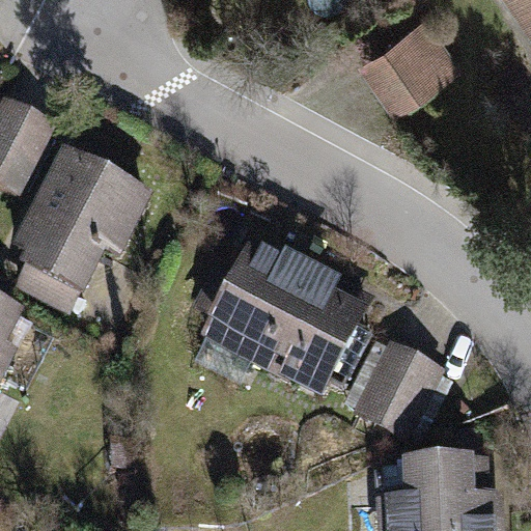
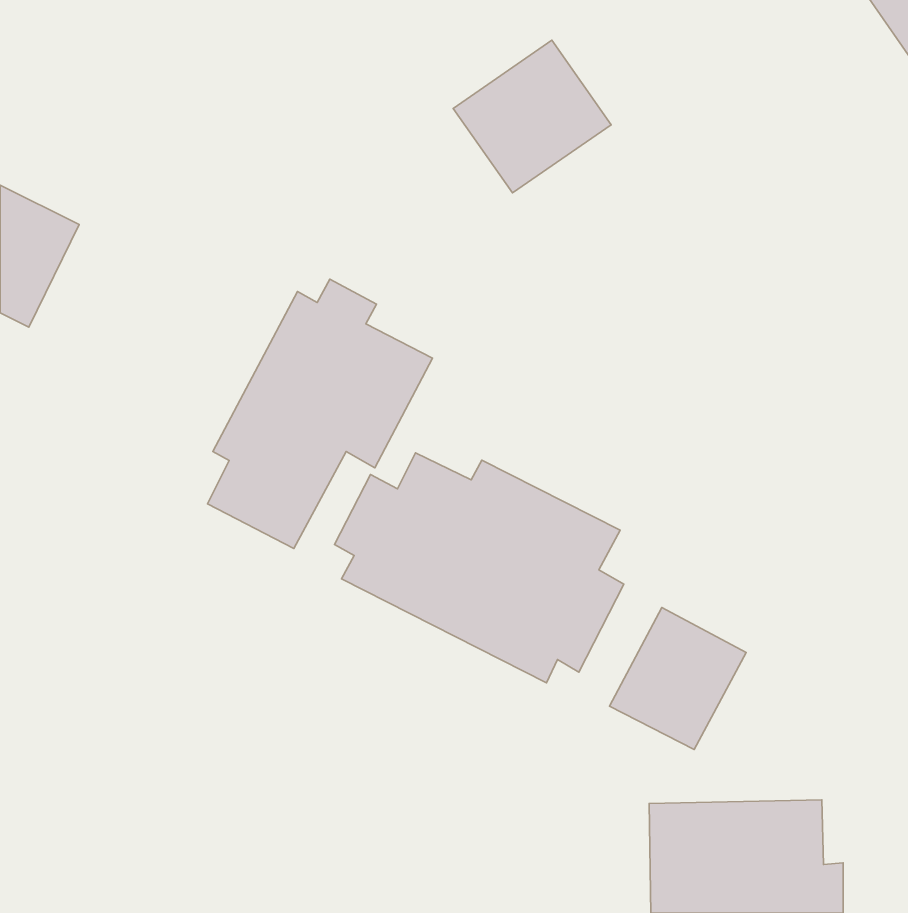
building: [362,18,453,106] -> [453,40,611,193]
building: [17,149,146,305] -> [208,279,432,549]

